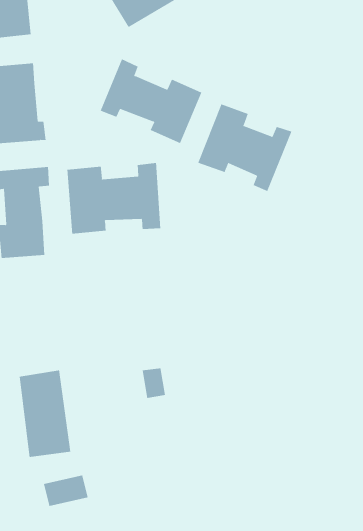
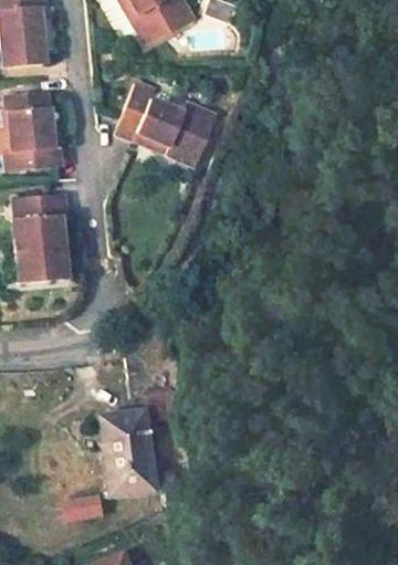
building: [197,104,292,192] -> none
building: [67,162,161,235] -> none
building: [19,370,71,457] -> [97,407,148,492]

